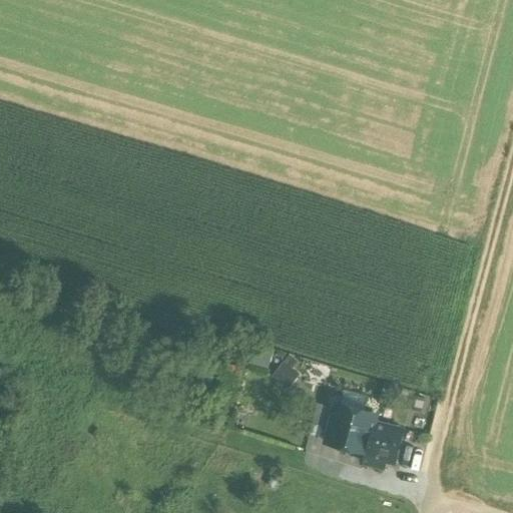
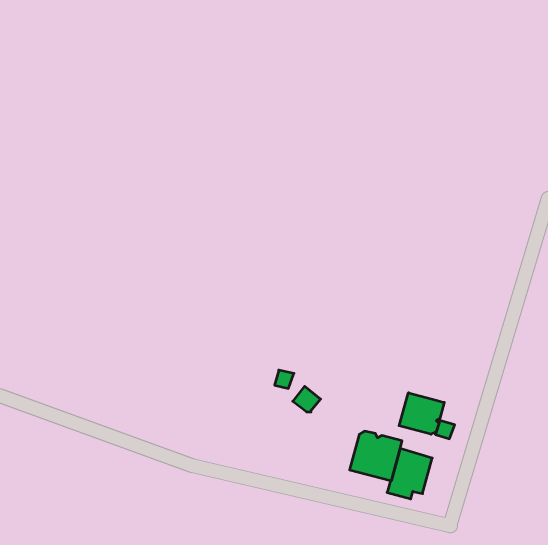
building: none -> [399,393,444,434]

